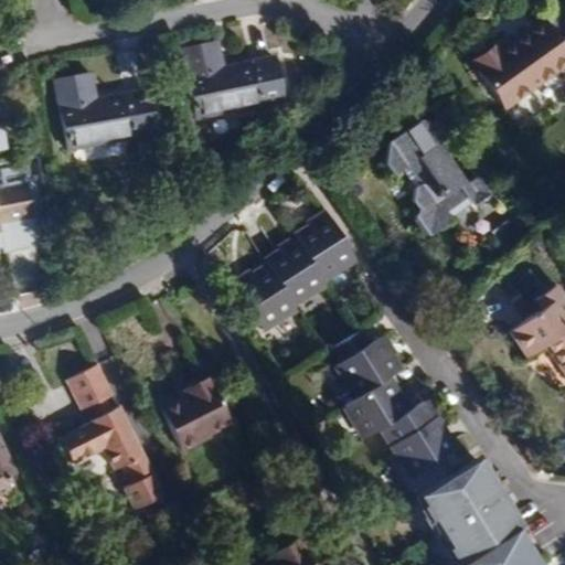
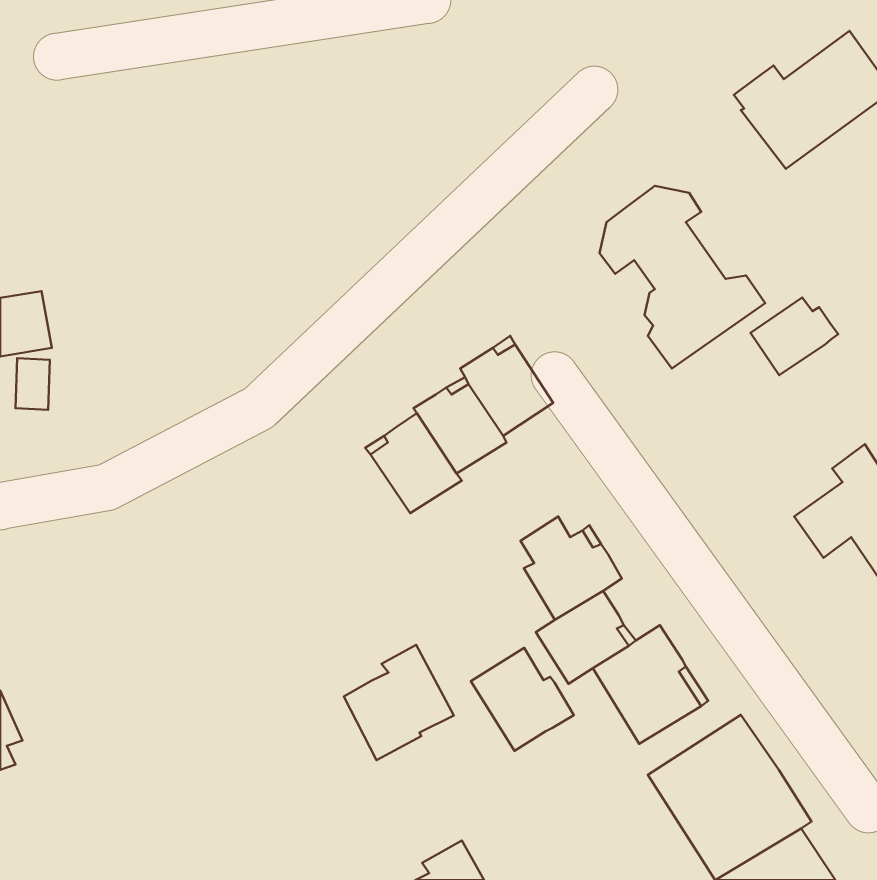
building: [181,41,282,118] -> none
building: [54,73,153,150] -> none
building: none -> [750,297,838,375]
building: [71,363,114,409] -> none
building: [161,376,232,450] -> [344,645,454,760]
building: [61,407,164,510] -> none
building: none -> [471,648,574,751]

